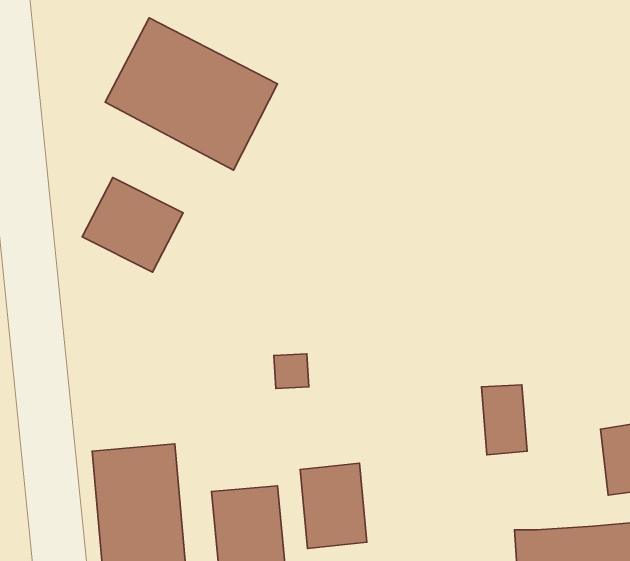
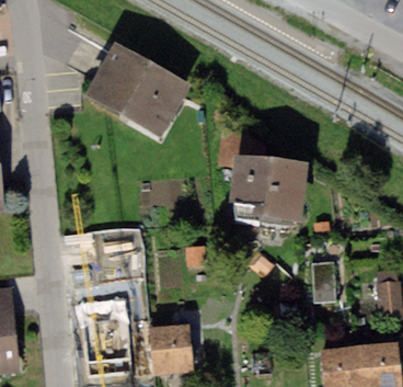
building: none -> [217,134,306,234]
building: [82,177,183,272] -> none
building: [300,463,367,548] -> none

